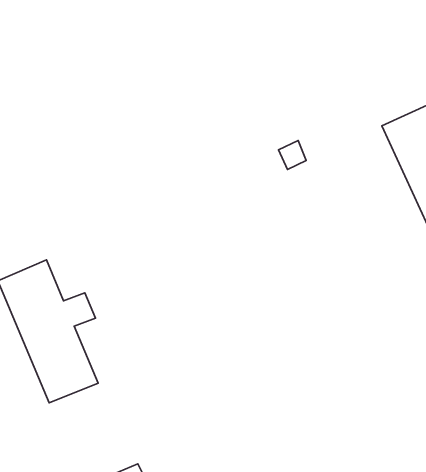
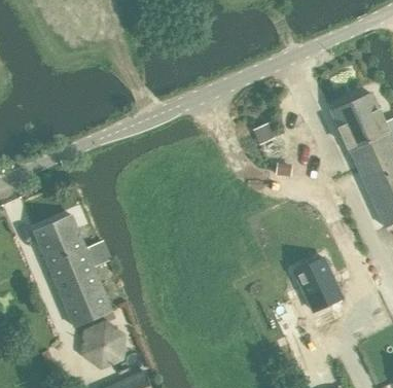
building: none -> [294,257,342,311]
building: none -> [81,322,124,367]

